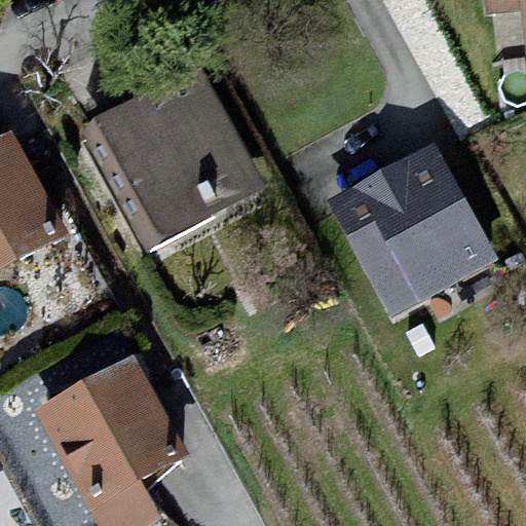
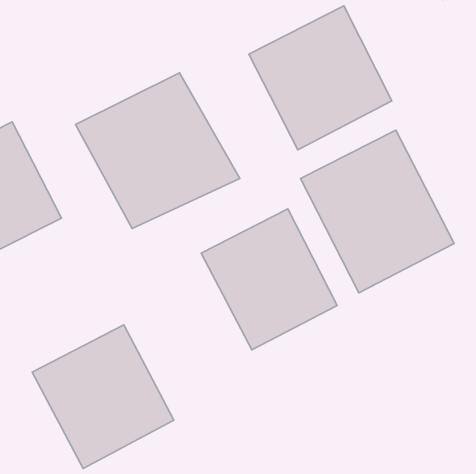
building: none -> [249,6,392,150]
building: none -> [201,209,337,350]

